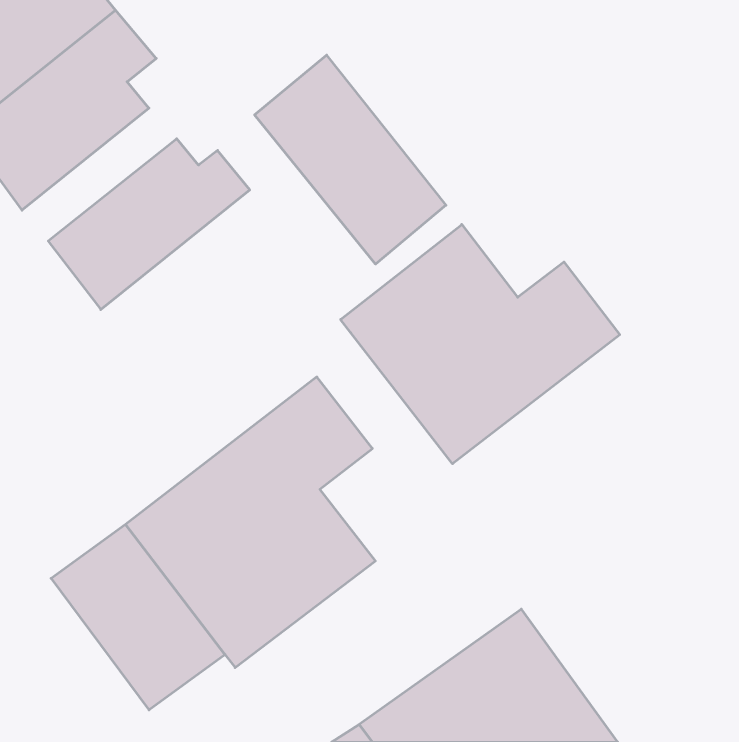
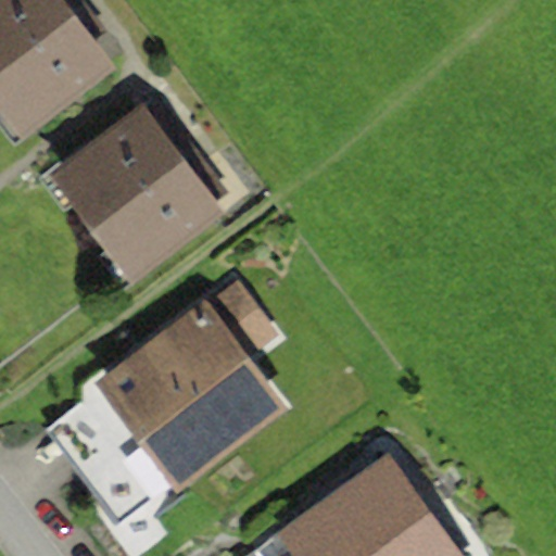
building: [255,55,446,264] -> none
building: none -> [75,141,215,288]
building: [341,224,620,464] -> none

